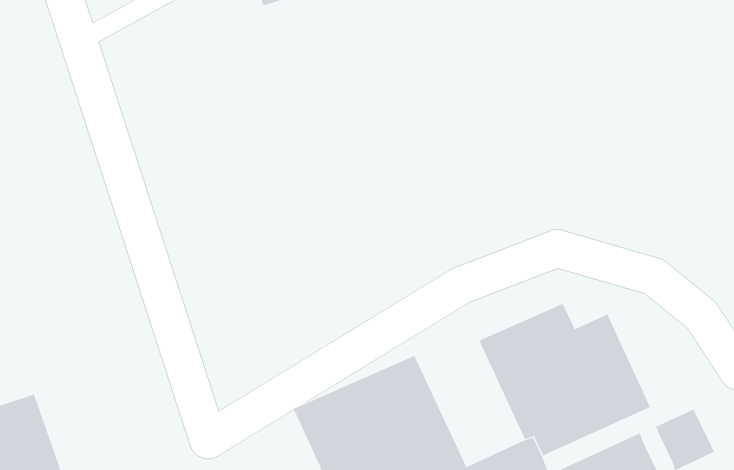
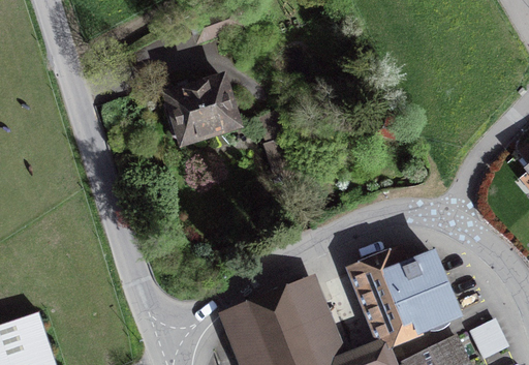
building: none -> [164,78,245,153]

